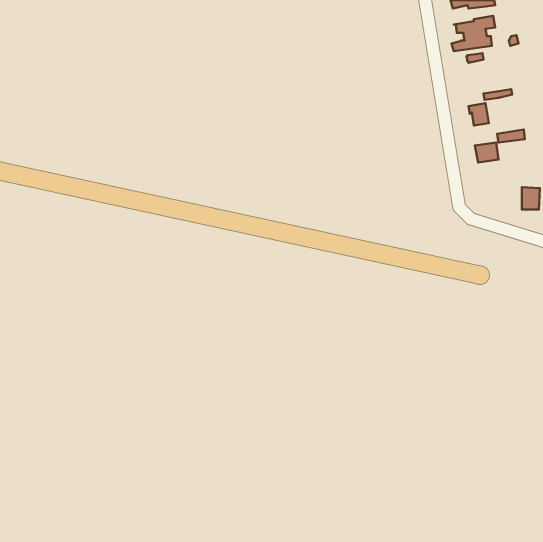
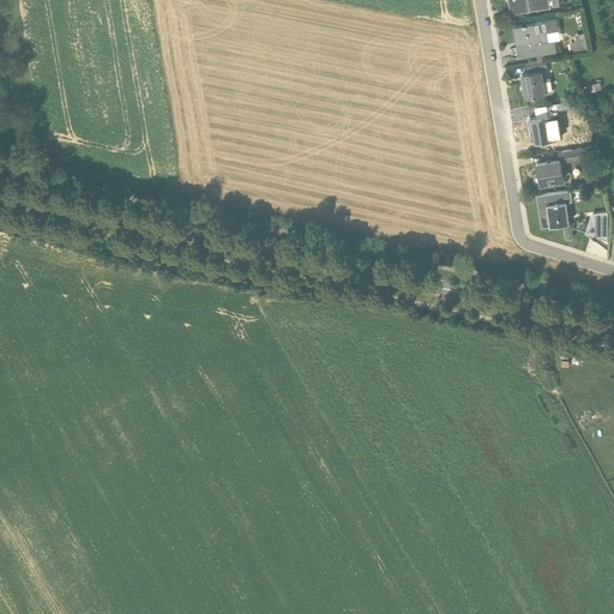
building: none -> [520,73,552,97]
building: none -> [536,191,572,229]

